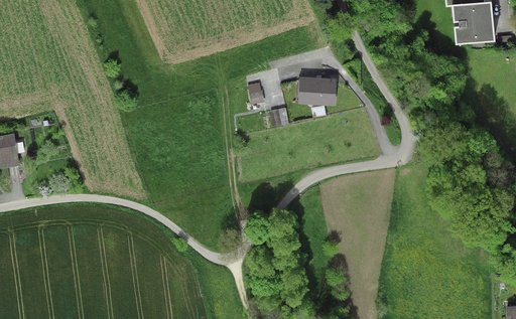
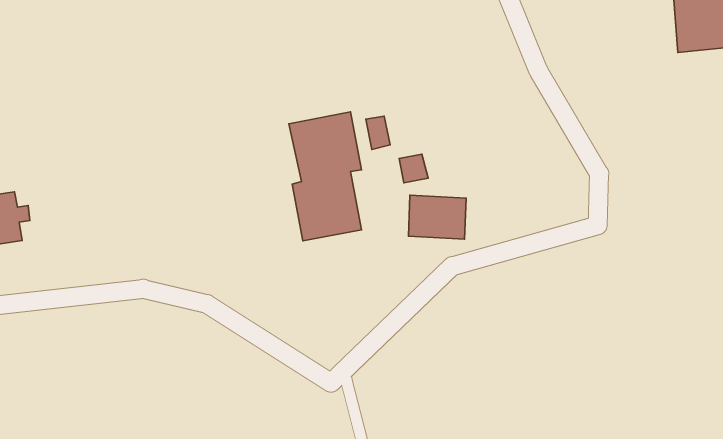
building: [298,77,337,107] -> [408,195,466,239]
building: none -> [289,112,362,241]

